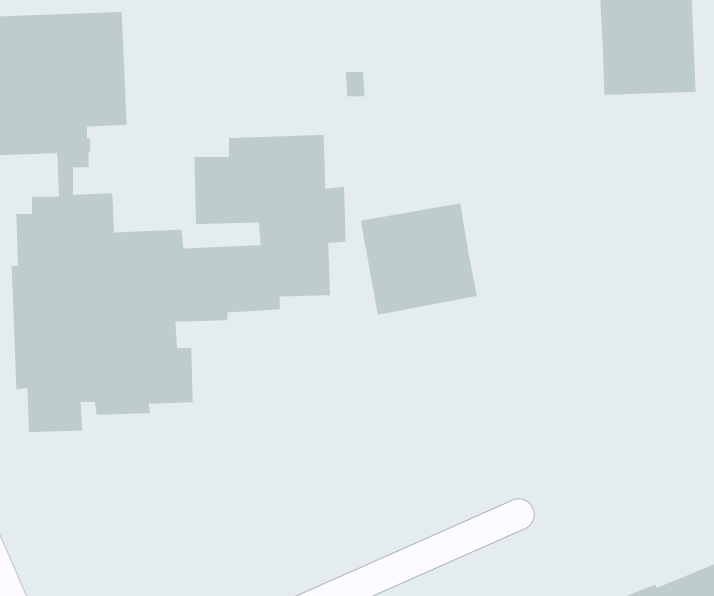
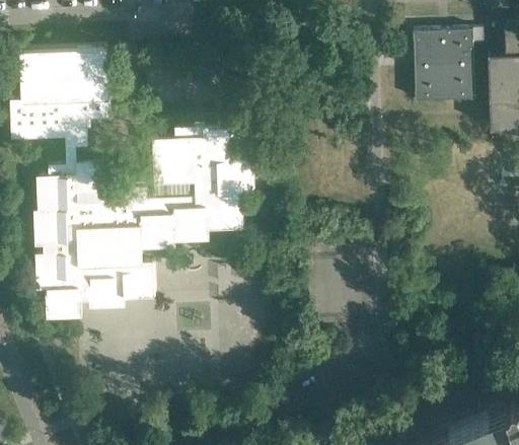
building: [360,203,477,316] -> none

